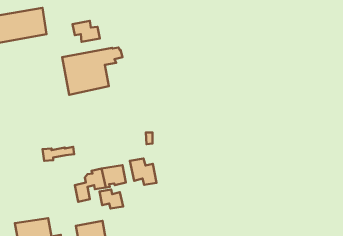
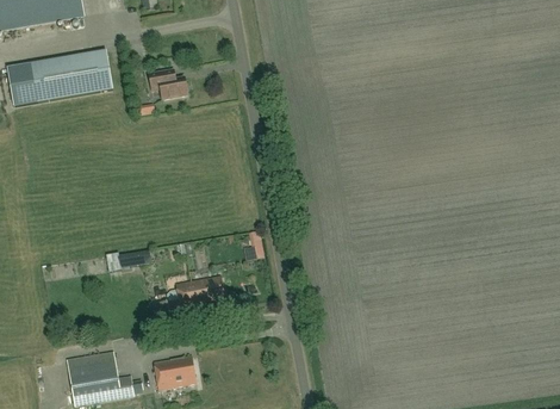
building: [62,47,122,95] -> none
building: [130,159,157,185] -> none
building: [99,190,123,209] -> none

